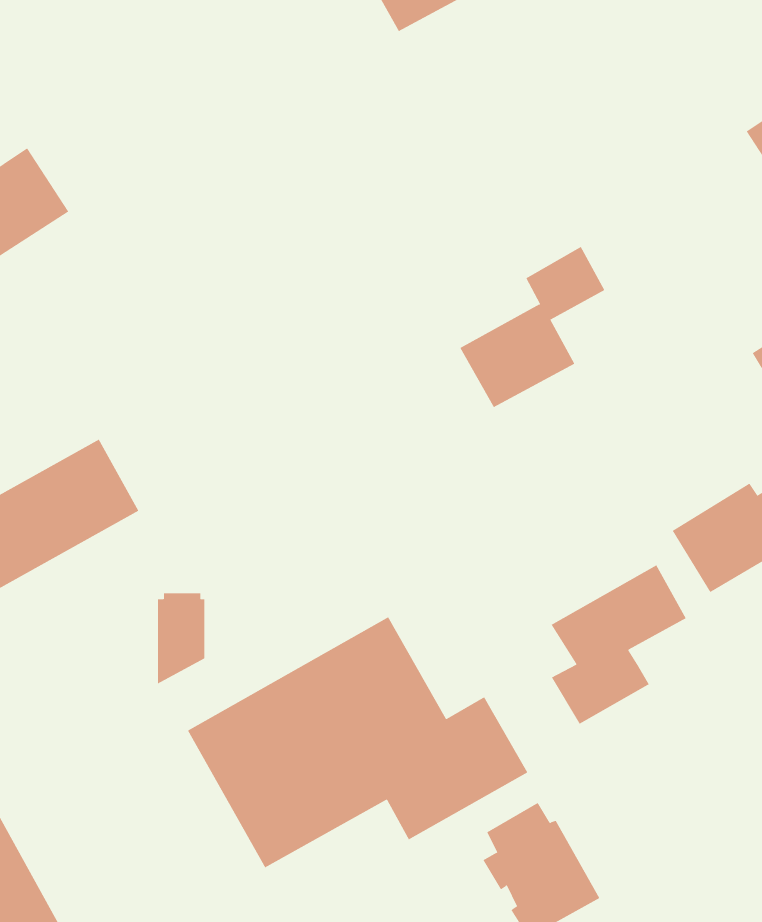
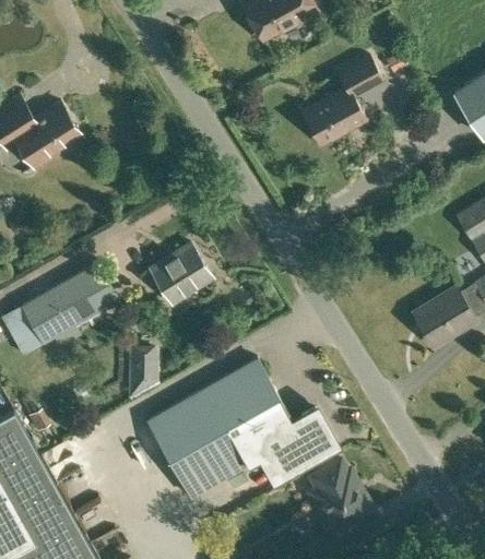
building: [460,246,605,408] -> [303,57,382,145]
building: none -> [150,245,213,306]
building: [551,565,686,724] -> none

